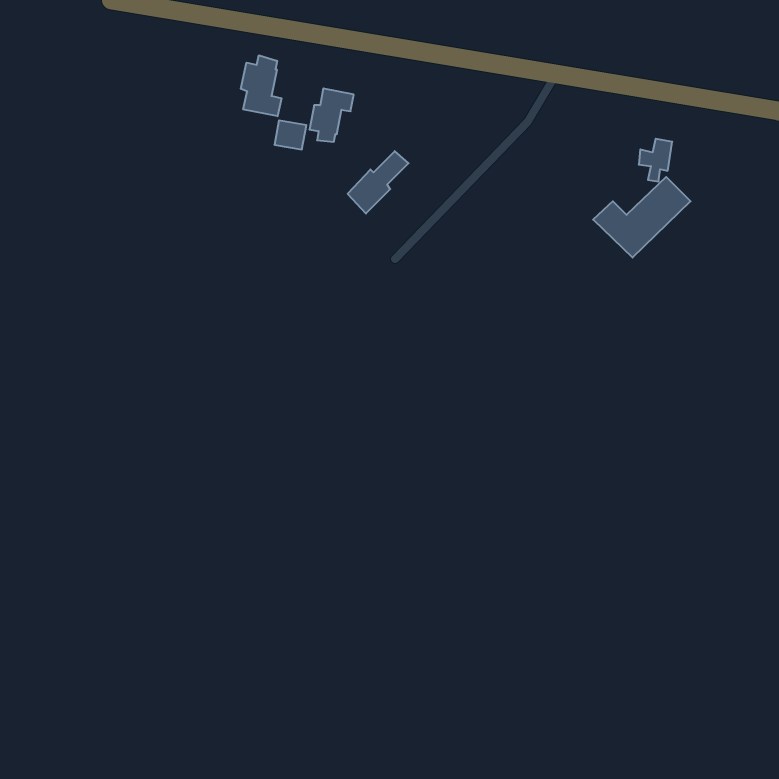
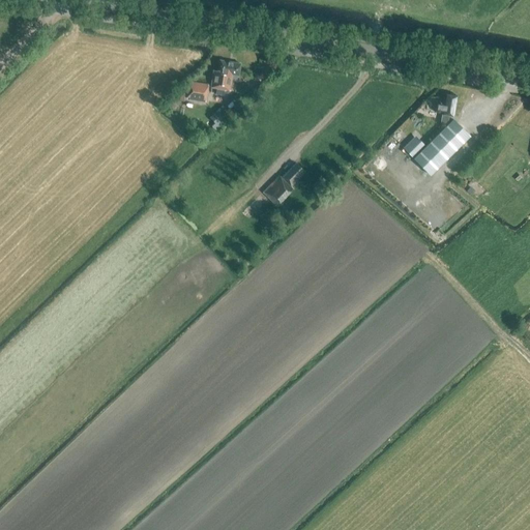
building: [241,55,282,116] -> none
building: [348,151,409,214] -> [263,164,304,206]

